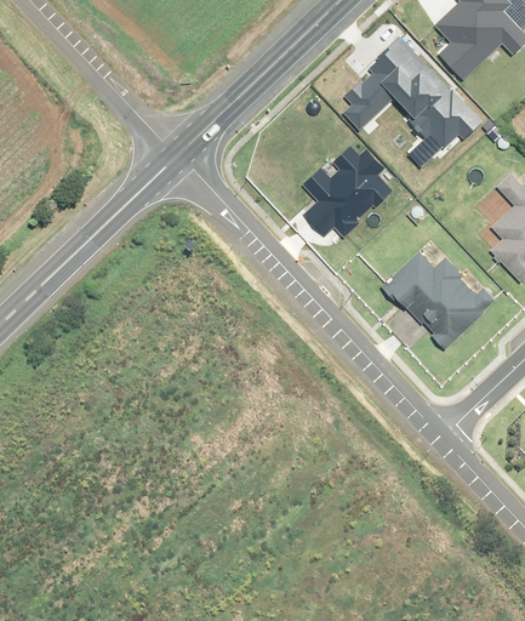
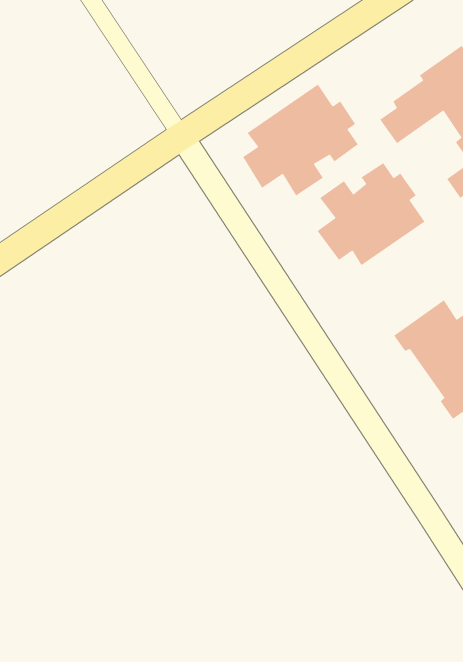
building: none -> [242,84,359,197]

